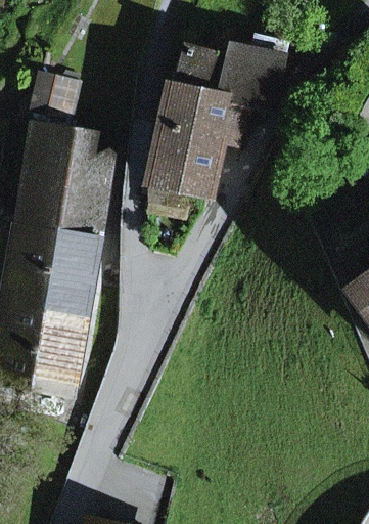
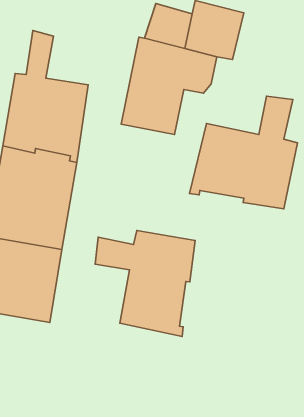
building: none -> [190,96,297,209]
building: none -> [95,230,195,337]

